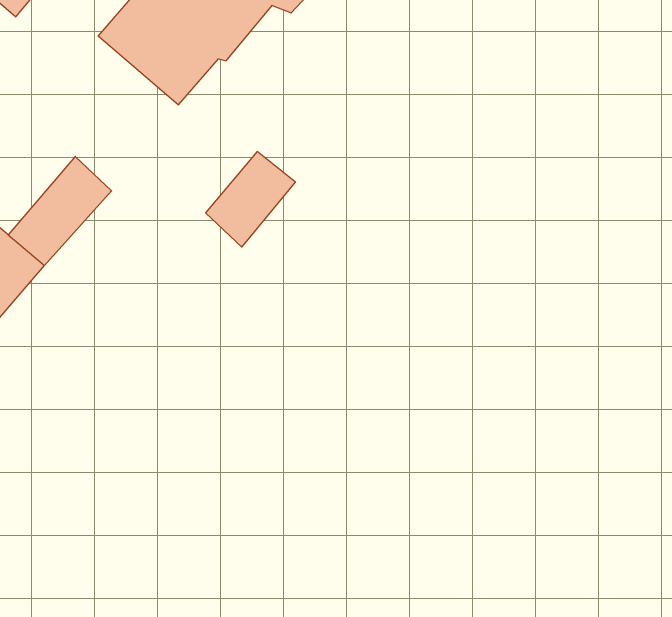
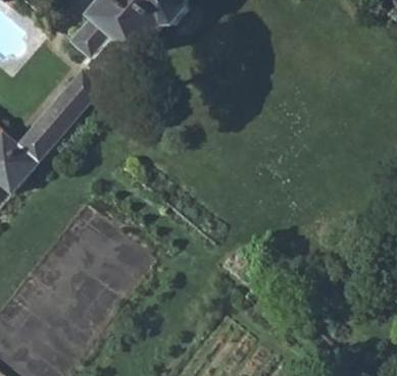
building: [206,152,295,247] -> [54,70,102,121]

